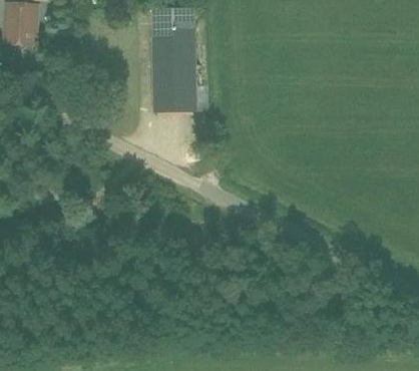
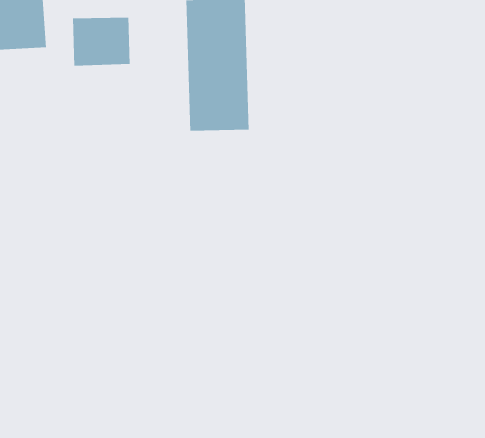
building: none -> [72,17,131,67]

